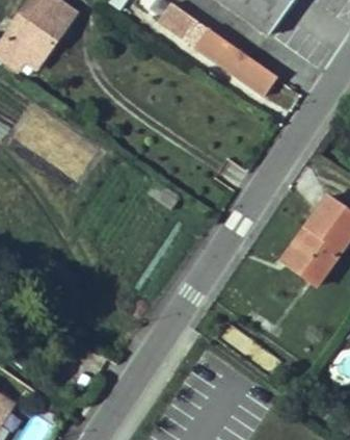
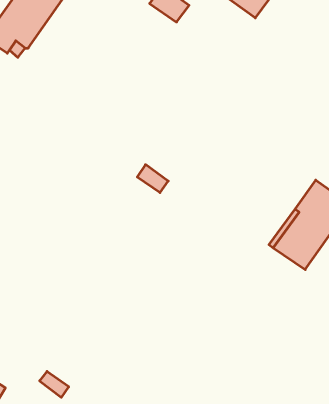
building: [195,27,278,95] -> none

